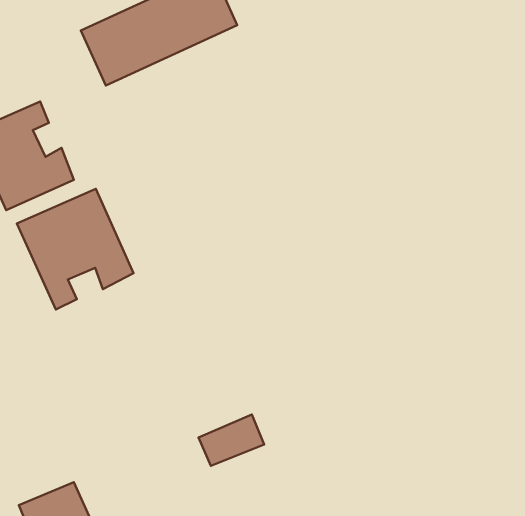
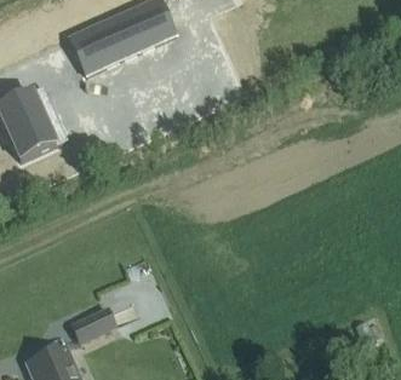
building: [17,189,134,309] -> none
building: [198,414,264,466] -> [70,306,115,341]

